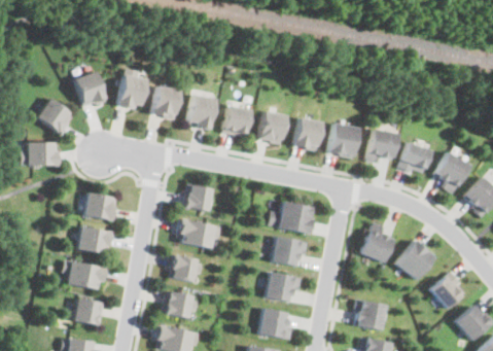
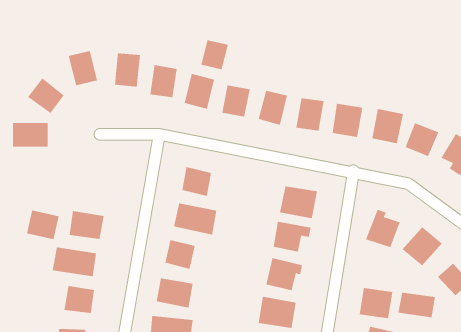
building: none -> [201,39,228,70]
building: [84,191,116,220] -> [26,210,59,240]
building: none -> [398,292,436,318]

